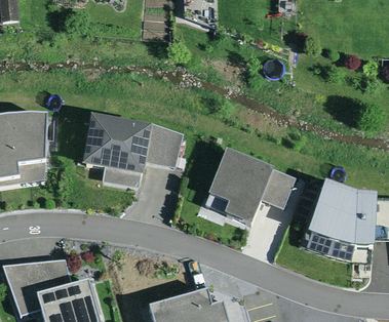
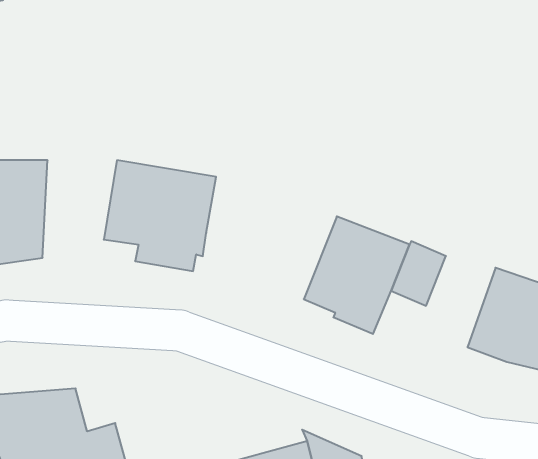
building: [146,122,183,166] -> none

